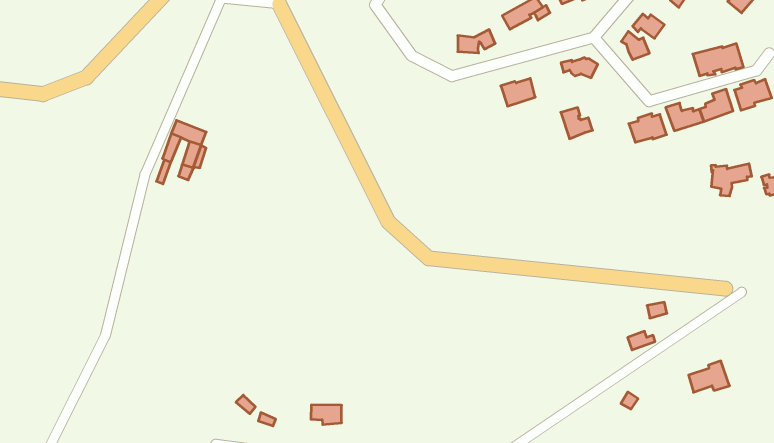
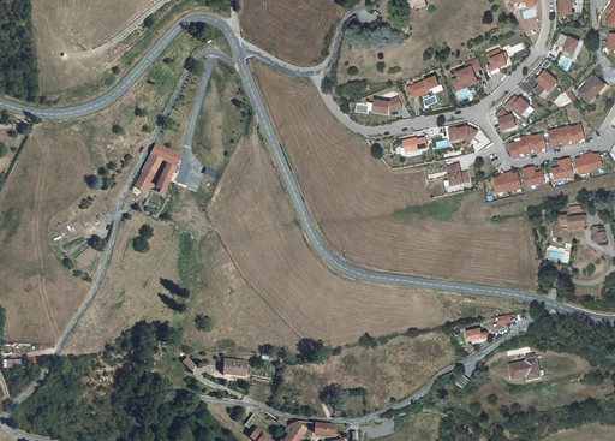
building: none -> [508,132,545,155]

